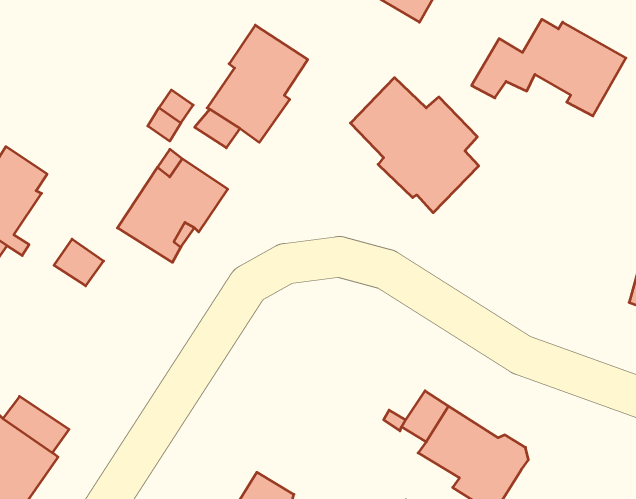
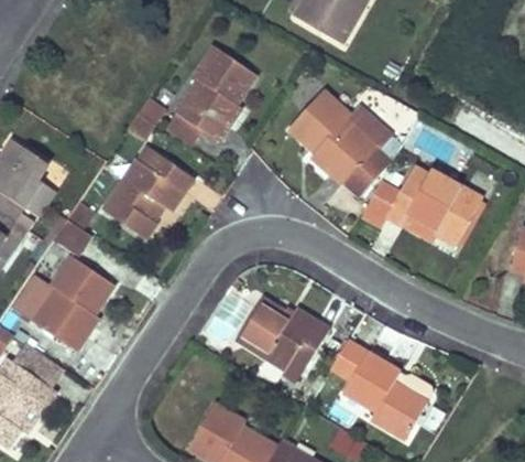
building: [472,19,626,116] -> [358,168,481,245]
building: none -> [14,258,112,350]
building: none -> [237,297,329,370]

